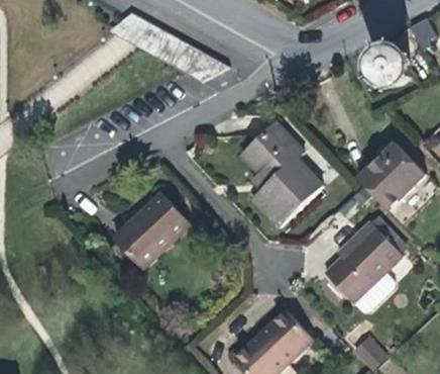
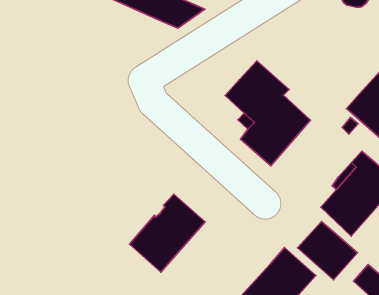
building: [114,193,191,269] -> [129,194,205,272]
building: none -> [298,222,357,280]

